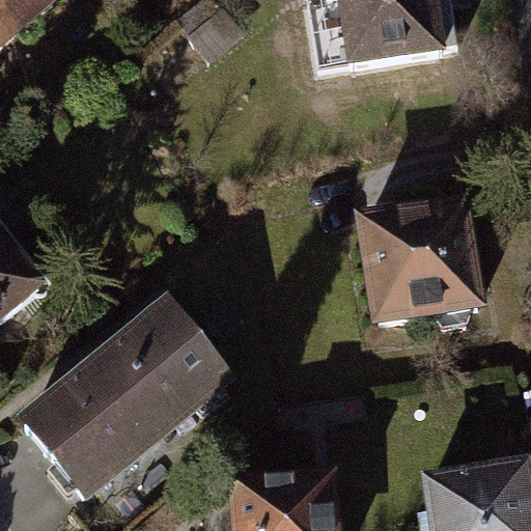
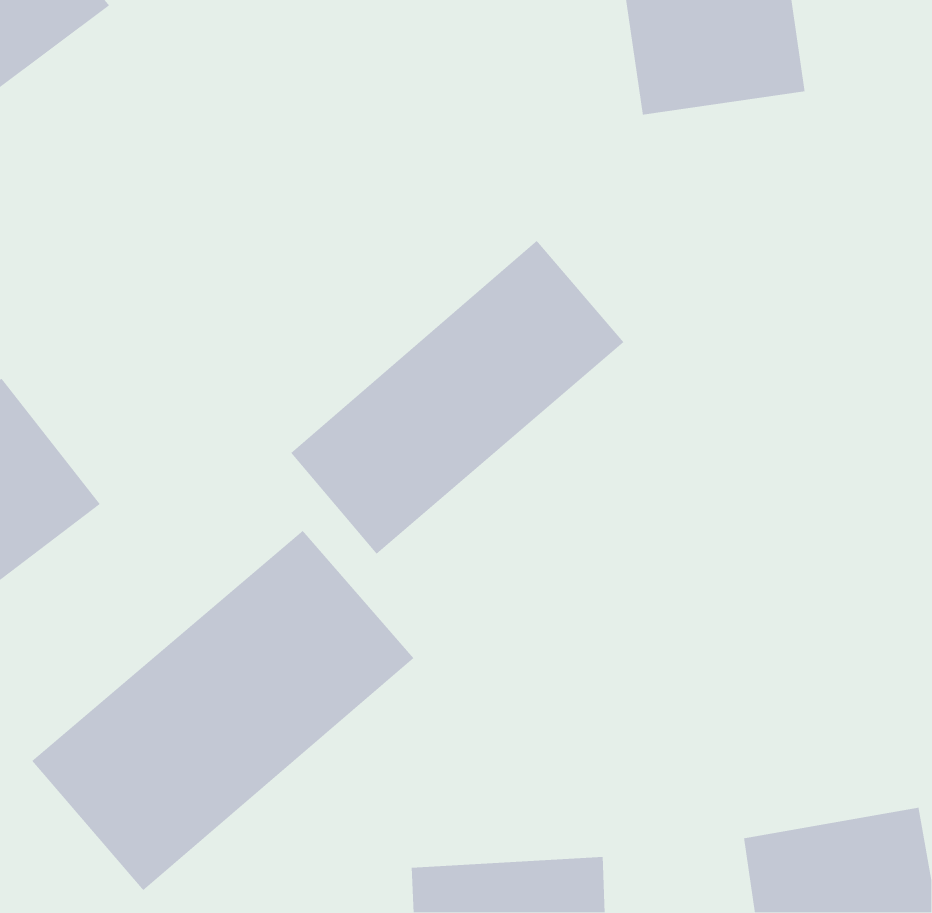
building: none -> [290,240,625,555]
building: [351,192,478,319] -> none

